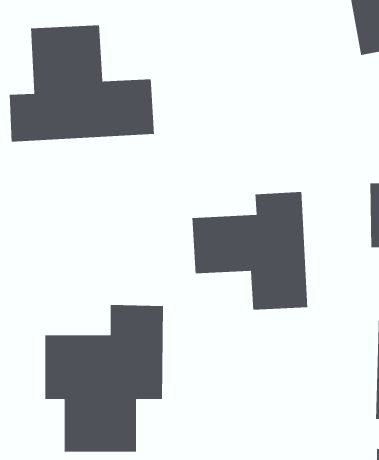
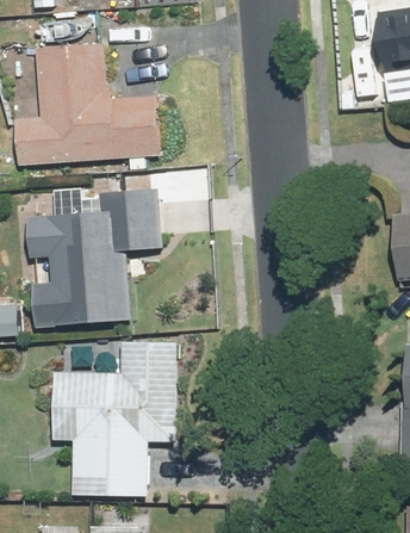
building: none -> [29,188,162,328]
building: [191,191,308,311] -> none

